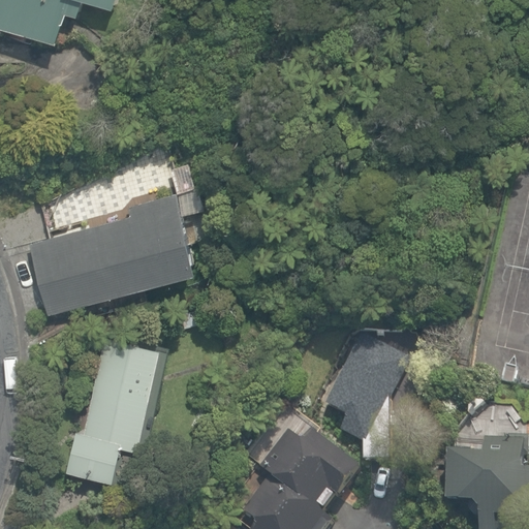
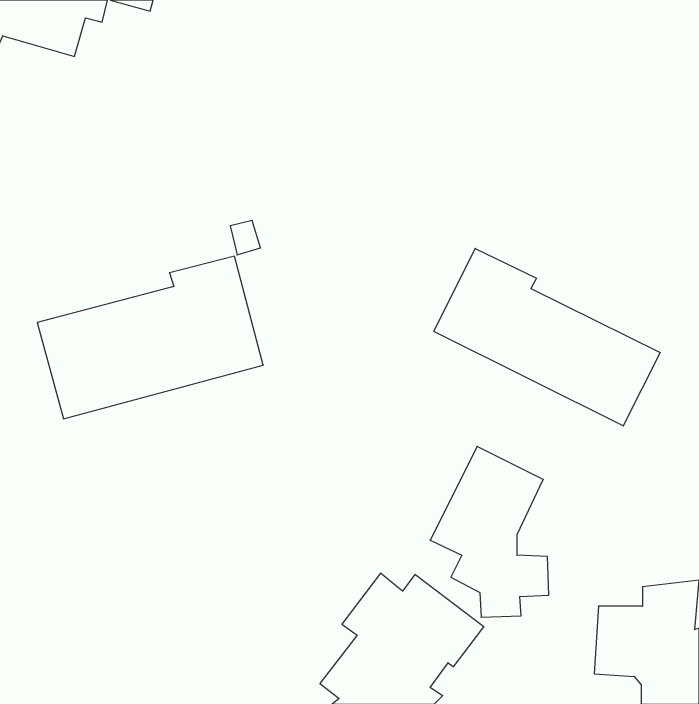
building: none -> [434,248,660,426]
building: [66,336,162,480] -> none

